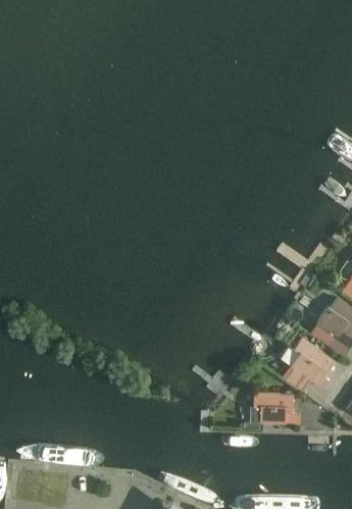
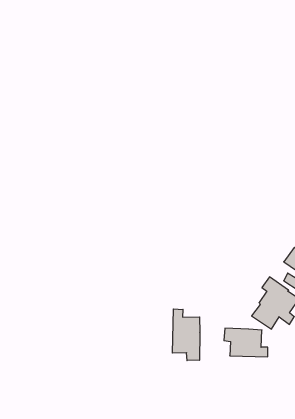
building: none -> [172,309,200,361]

